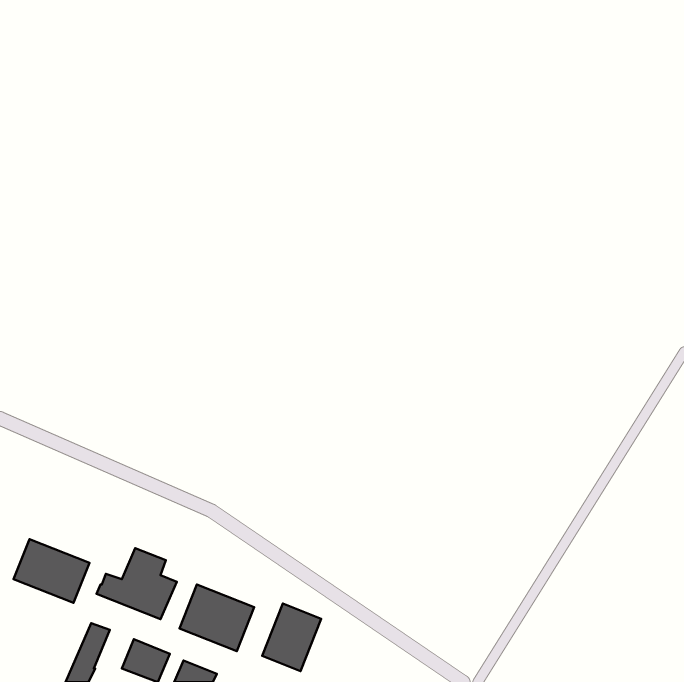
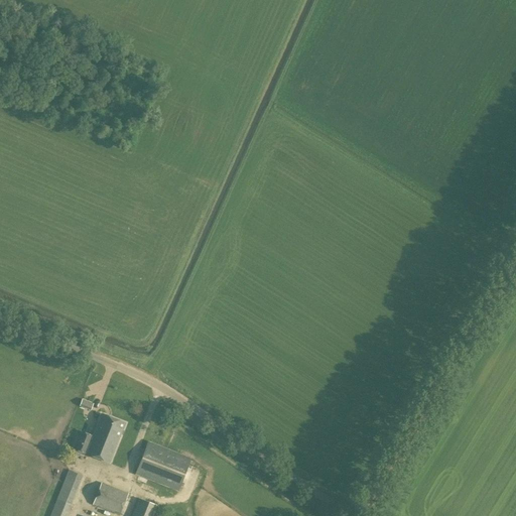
building: [14,539,89,603] -> none
building: [262,604,321,671] -> none

